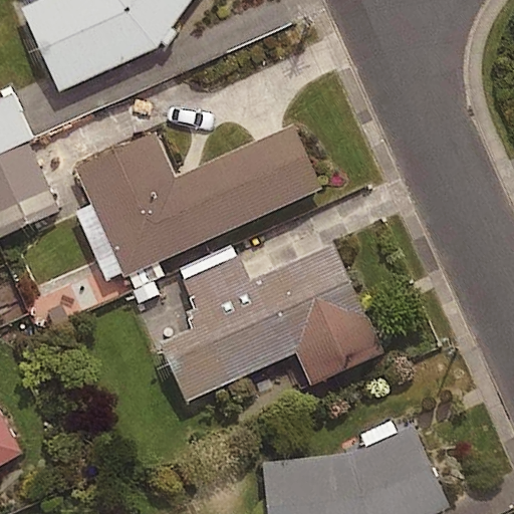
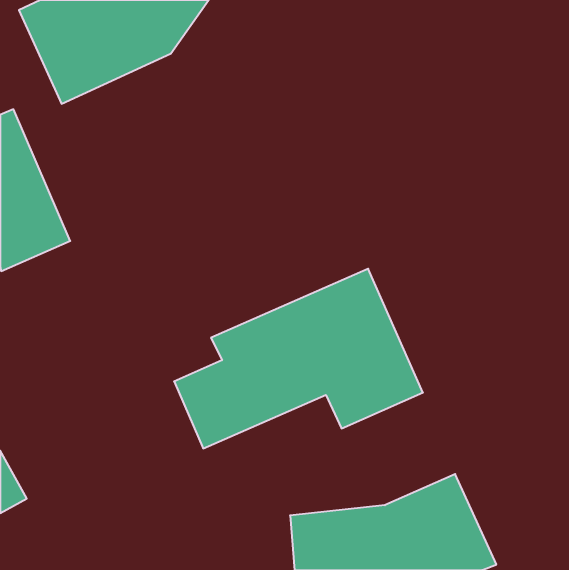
building: [72,124,319,277] -> none

